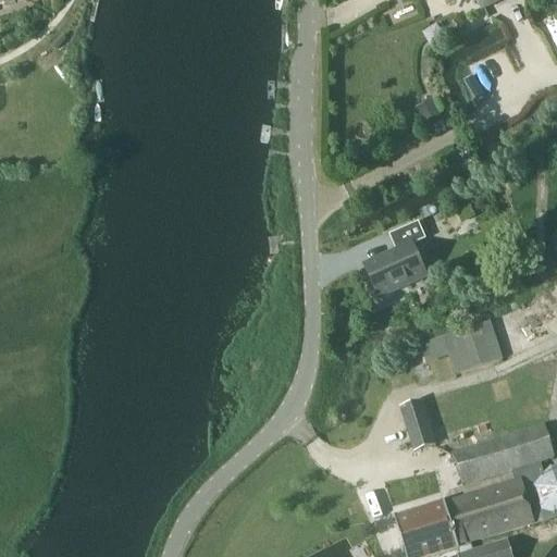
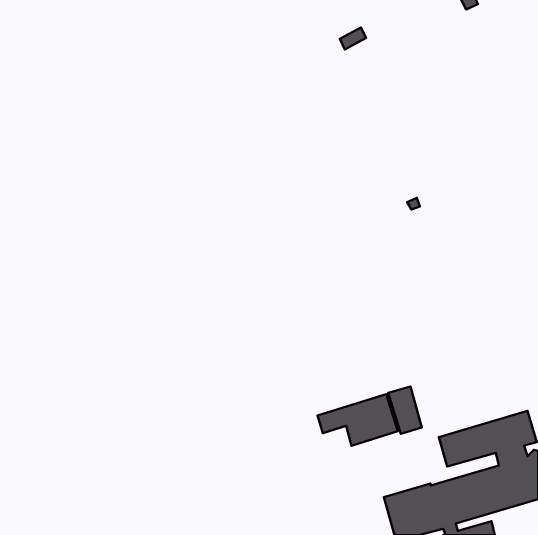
building: [363,220,425,295] -> none
building: [419,320,502,373] -> [318,394,398,446]

